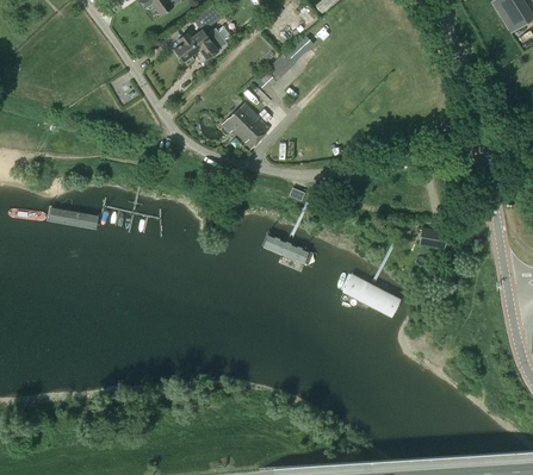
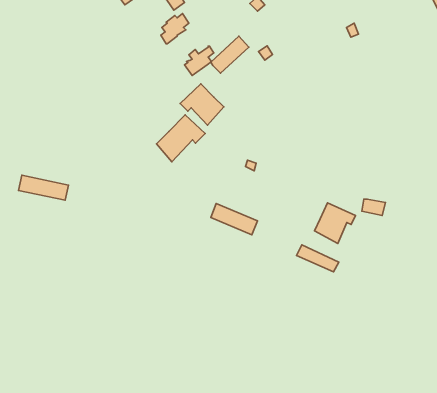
building: [175,30,207,62] -> [184,46,214,76]
building: none -> [156,115,205,162]
building: none -> [314,203,356,243]

